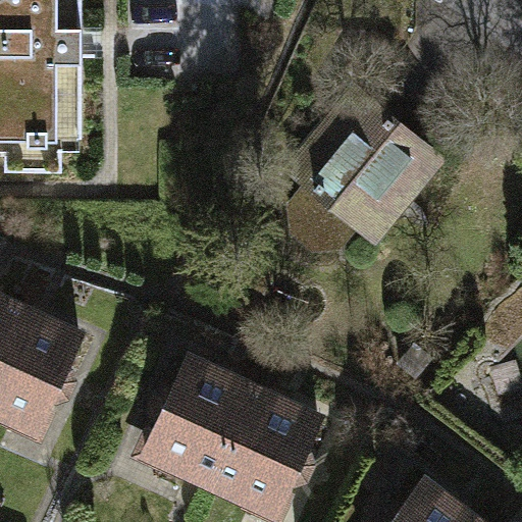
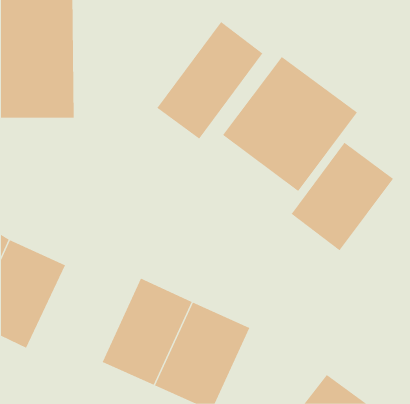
building: none -> [156,21,263,140]
building: none -> [291,142,394,251]

